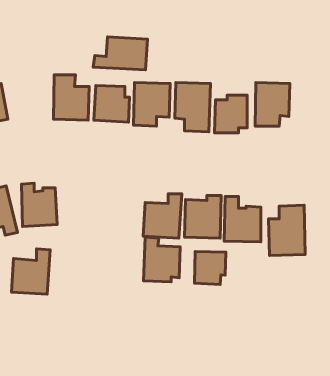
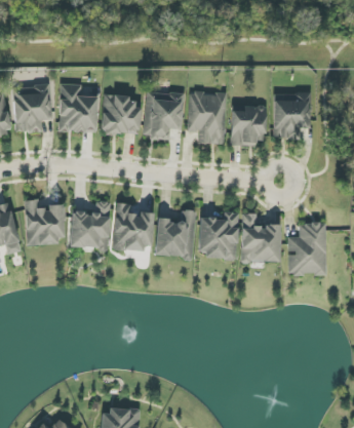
building: [93,37,147,70] -> none
building: none -> [12,85,51,132]
building: [143,237,180,282] -> [113,203,152,250]
building: [12,249,50,294] -> [69,201,110,249]
building: [195,252,226,284] -> none

